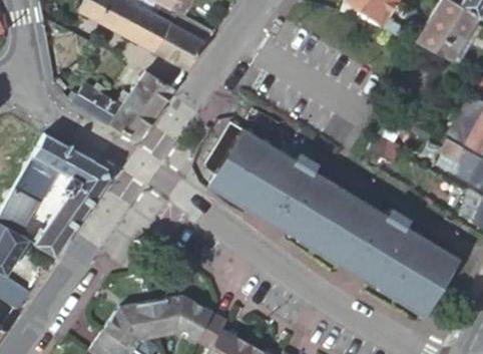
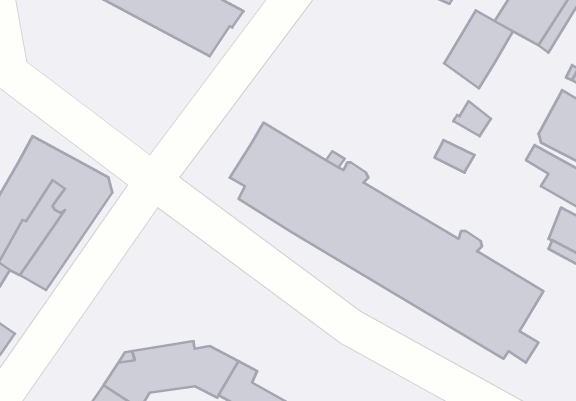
building: none -> [444,10,513,88]
building: [71,71,173,139] -> none

